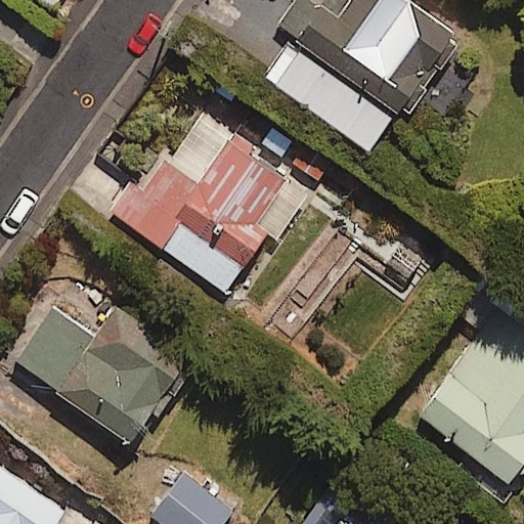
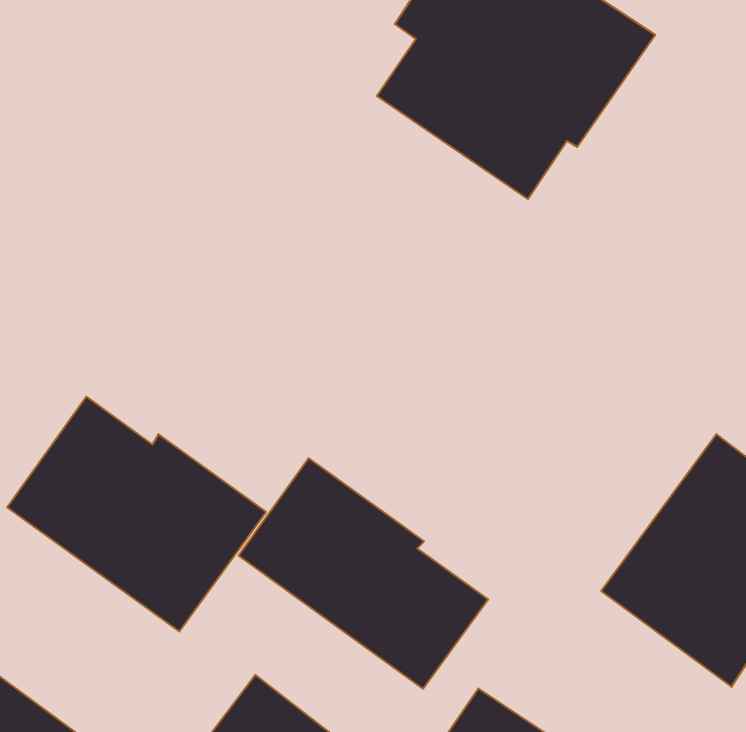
building: [114,121,290,292] -> none
building: none -> [239,458,488,689]

